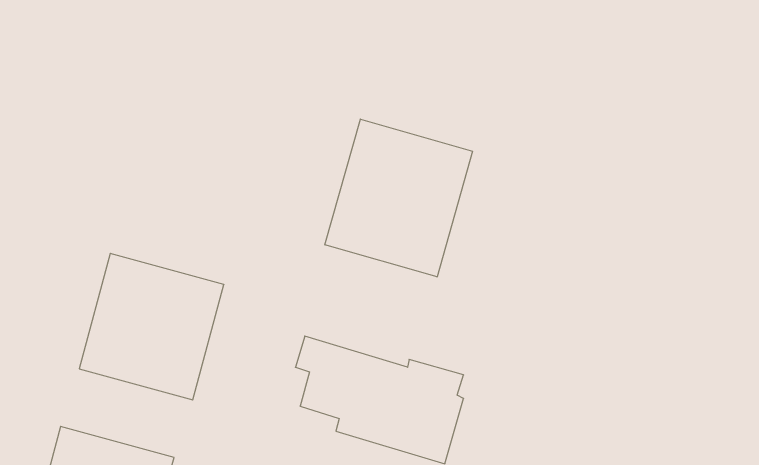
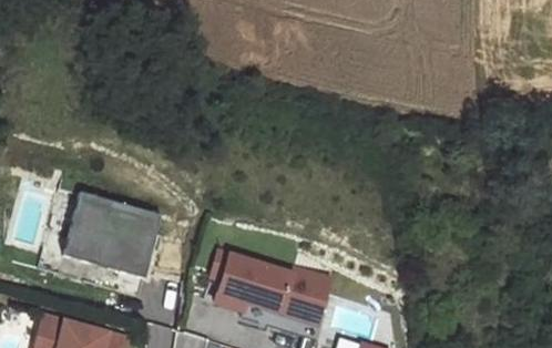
building: [325,119,473,277] -> none

